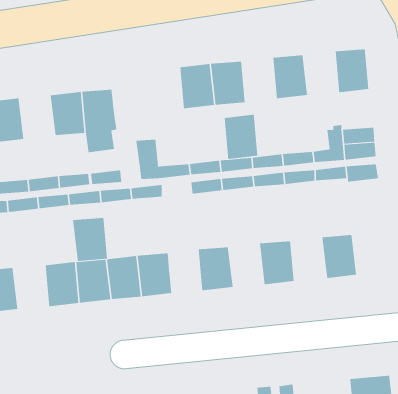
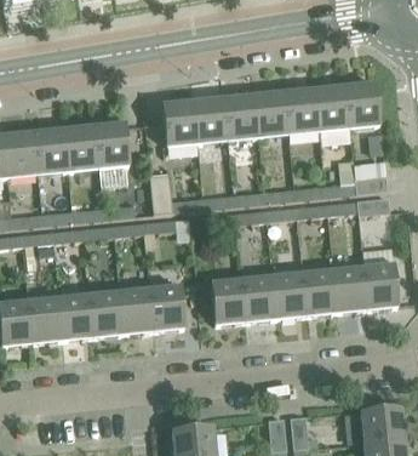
building: none -> [315,85,350,129]
building: none -> [162,101,196,144]
building: none -> [34,129,69,172]
building: [224,114,258,159] -> [254,91,288,136]
building: [72,217,108,261] -> [28,297,63,341]
building: none -> [363,263,399,307]
building: none -> [303,269,338,313]
building: none -> [241,275,276,319]

